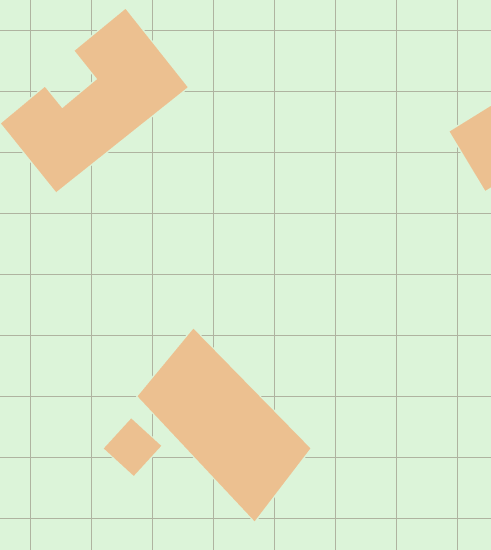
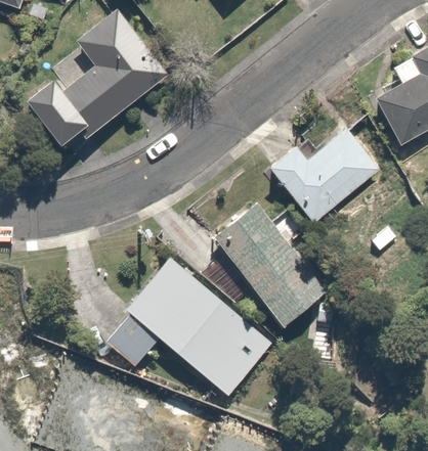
building: none -> [273,130,381,219]
building: none -> [216,208,327,333]

